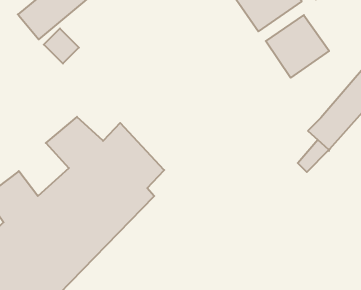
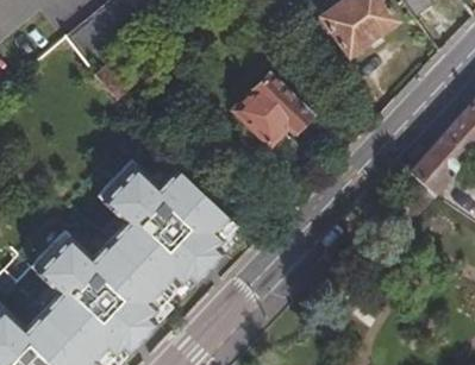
building: [266,15,329,78] -> none
building: none -> [235,73,311,143]

